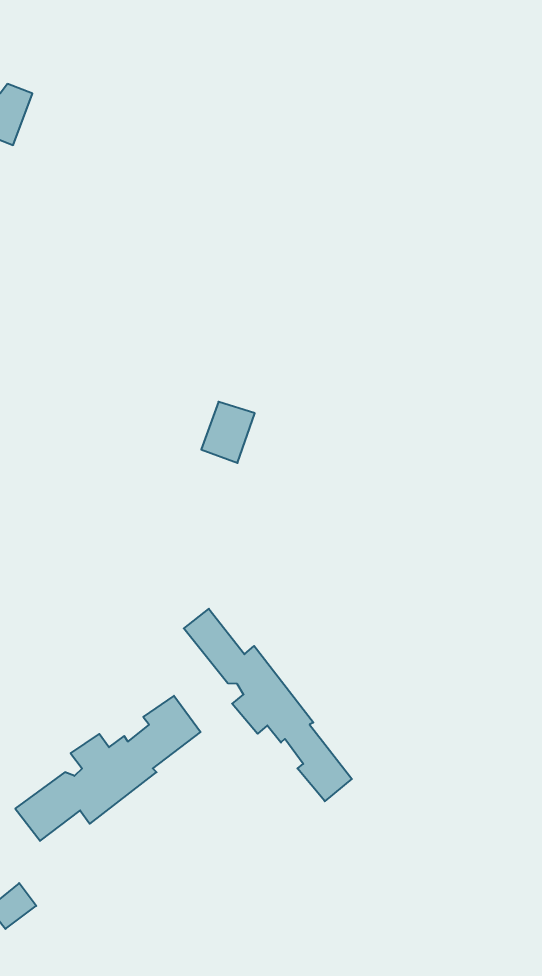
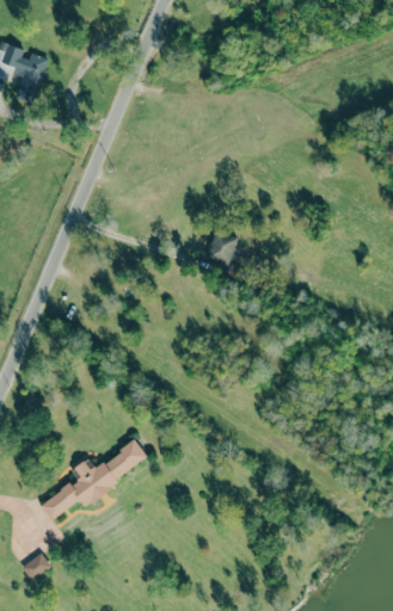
building: [201,402,255,463] -> [205,230,239,269]
building: [184,609,352,801] -> none

